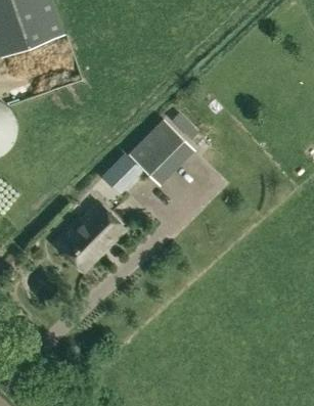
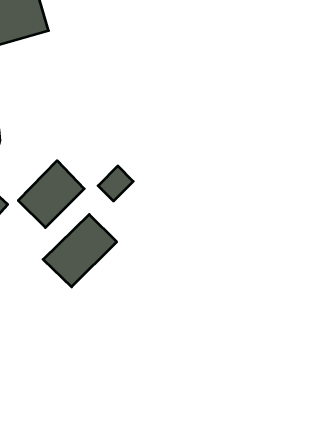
building: [130,119,194,183] -> none
building: none -> [18,161,84,228]

